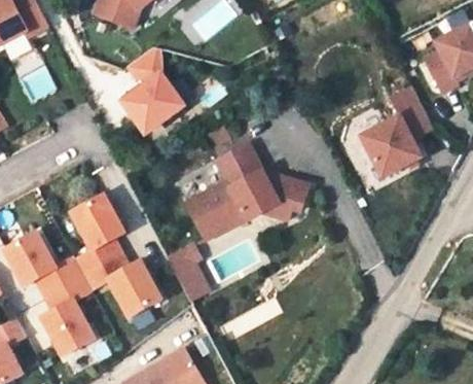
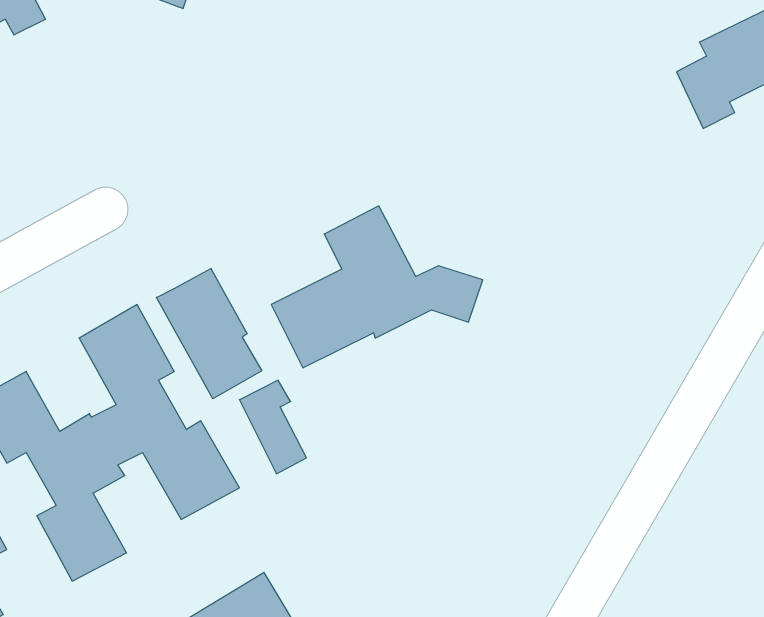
building: [118,43,184,129] -> none
building: [353,80,424,172] -> none
building: none -> [156,268,262,399]

